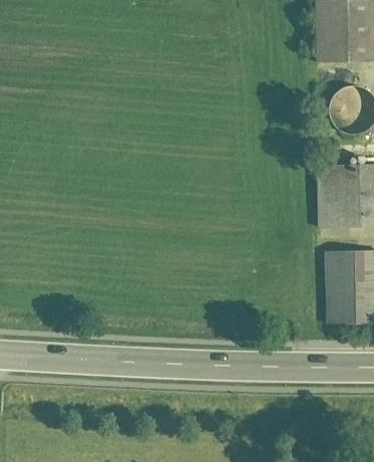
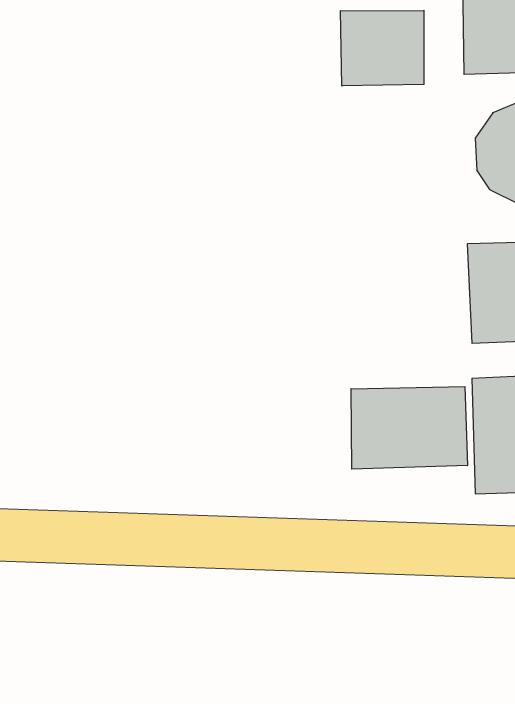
building: none -> [341,10,424,86]
building: none -> [351,387,467,469]

